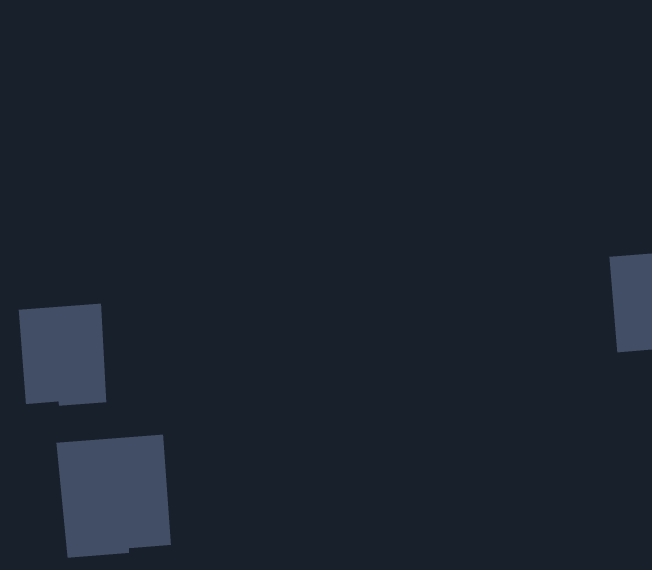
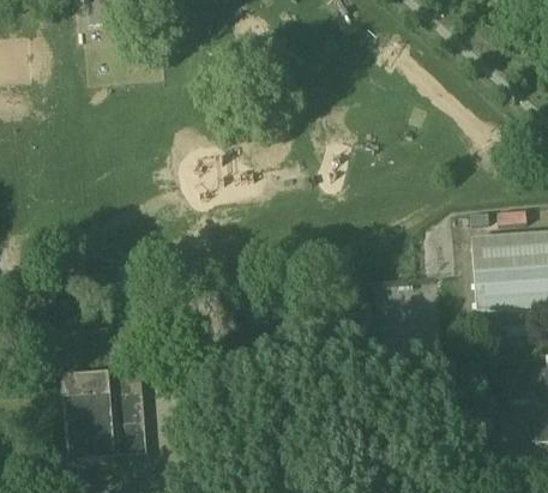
building: [18,303,107,406] -> none

